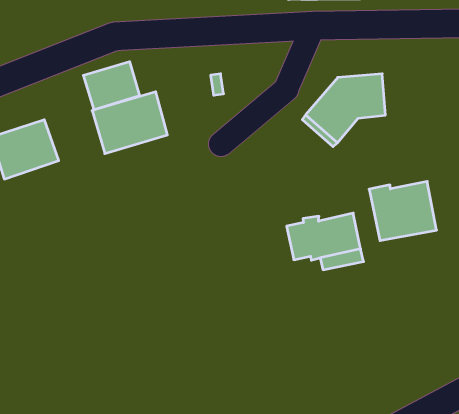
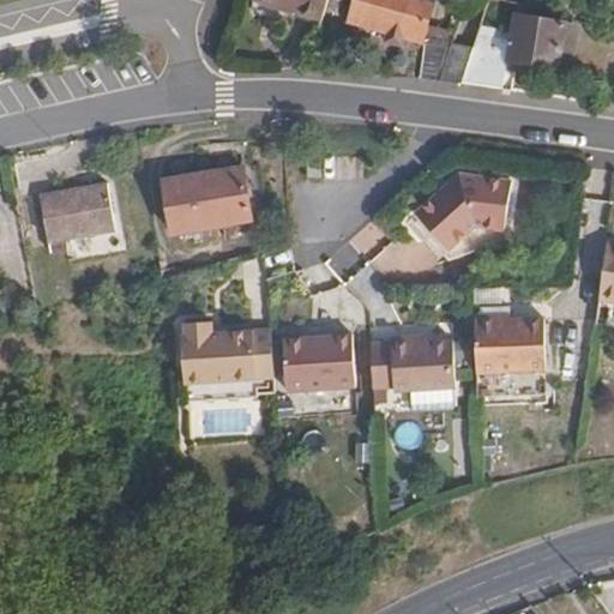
building: [83,62,139,110] -> none
building: none -> [283,332,356,390]
building: none -> [179,320,276,401]

